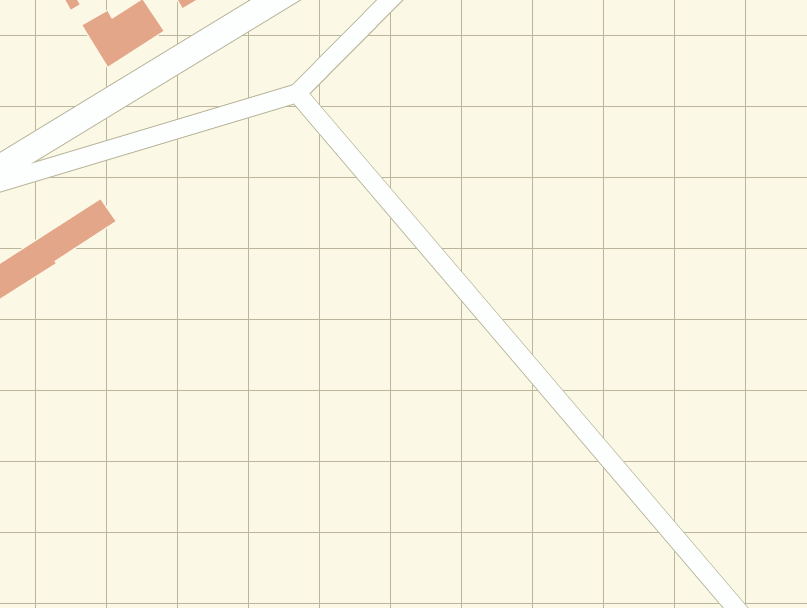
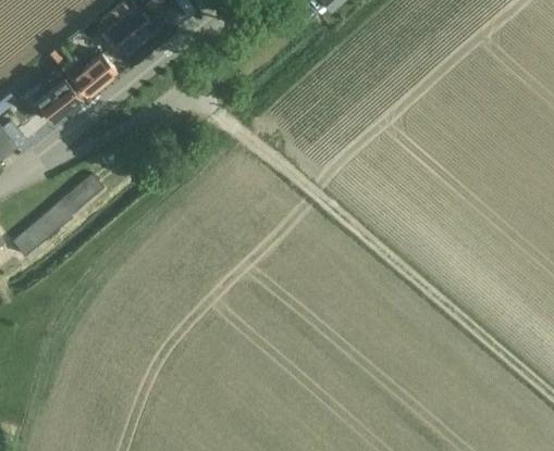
building: none -> [33,79,82,123]

